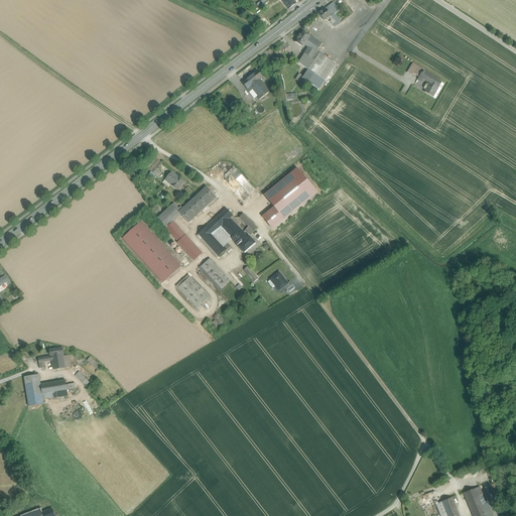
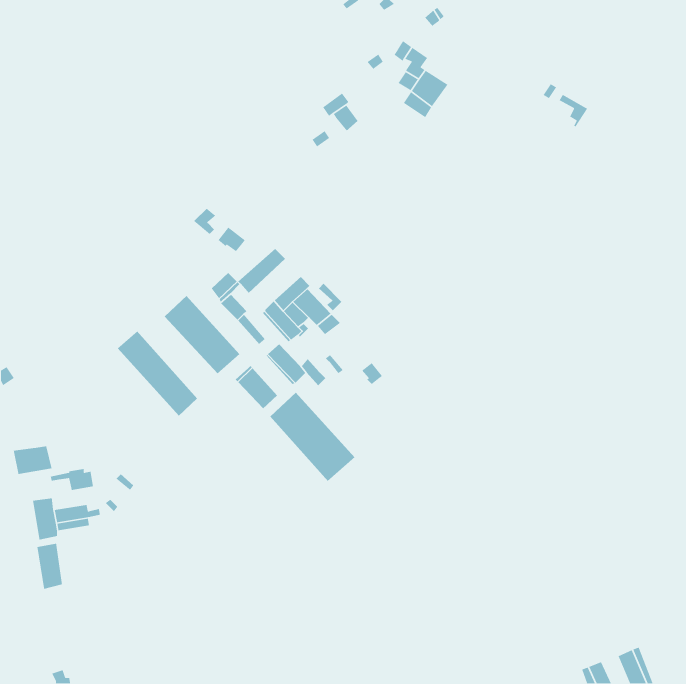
building: [263,167,316,227] -> none
building: none -> [117,331,198,416]
building: none -> [270,392,356,482]
building: none -> [13,445,53,475]
building: none -> [36,543,63,590]

